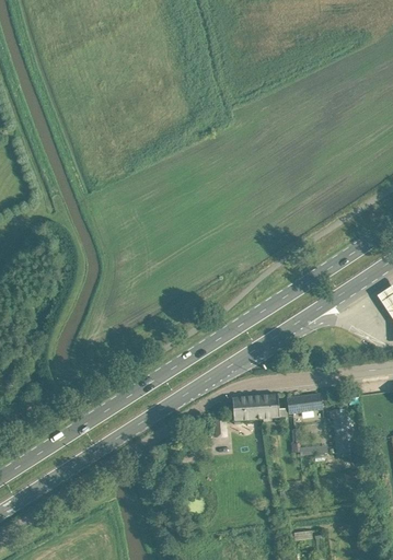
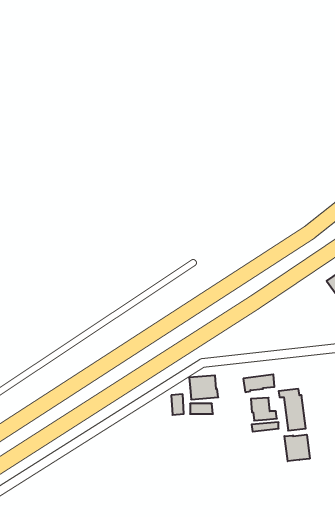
building: [259,394,287,418] -> [251,398,277,421]
building: none -> [284,435,310,461]

